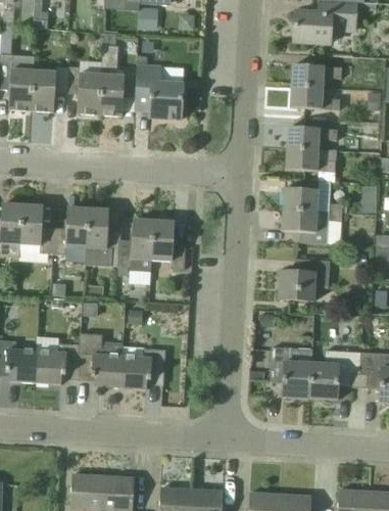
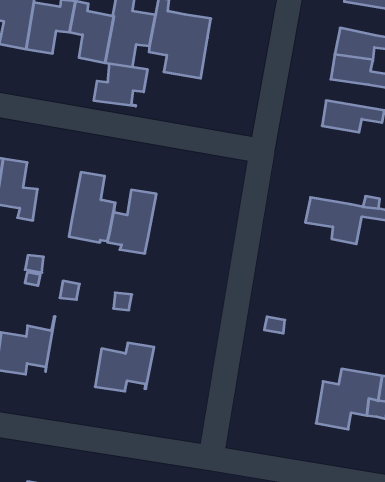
building: none -> [94,64,147,106]
building: [286,147,336,172] -> none
building: [284,187,319,211] -> none
building: [53,206,89,254] -> none
building: [151,220,186,269] -> none
building: [278,258,330,300] -> none
building: [78,332,123,387] -> none
building: [270,345,311,398] -> none

